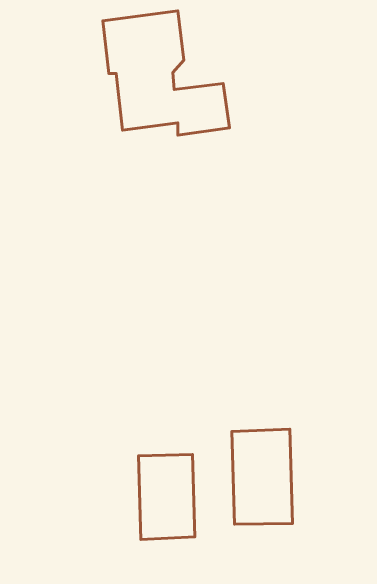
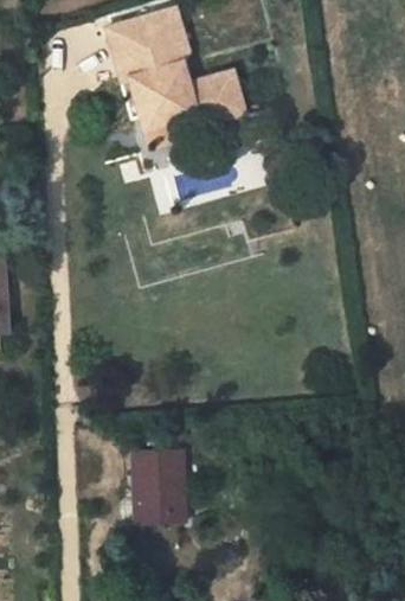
building: [232,429,293,524] -> none

